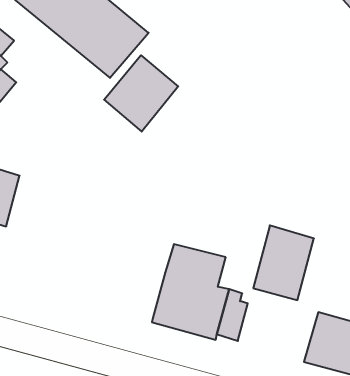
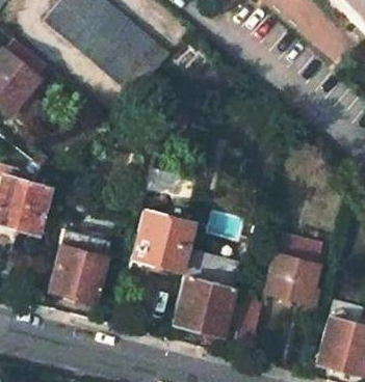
building: [104,55,178,132] -> none
building: none -> [132,210,195,270]
building: none -> [49,224,110,301]

